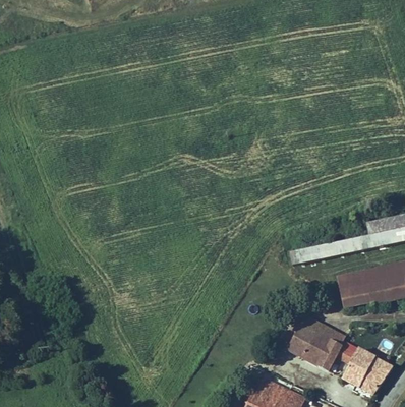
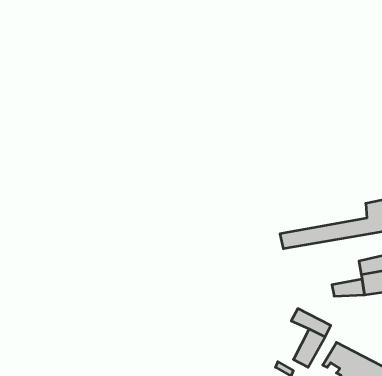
building: [337,270,367,291] -> none
building: [289,324,320,358] -> none

